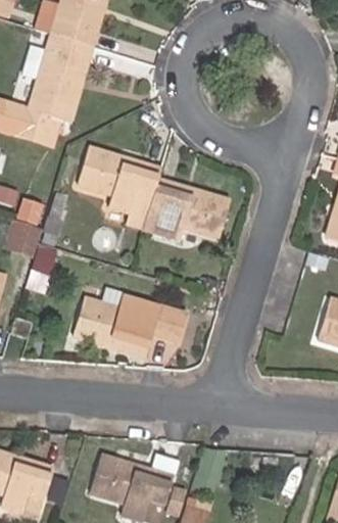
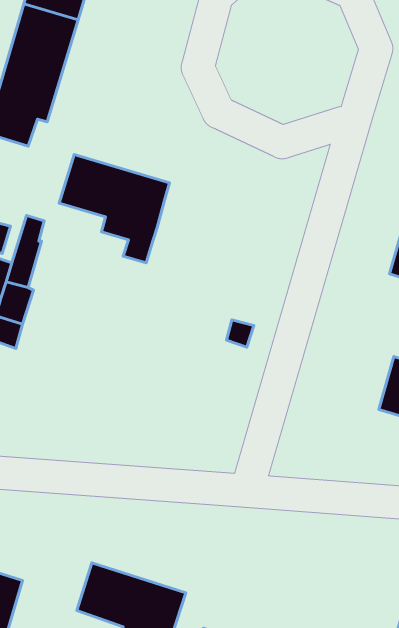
building: [143,180,229,239] -> none
building: [74,296,185,356] -> none

